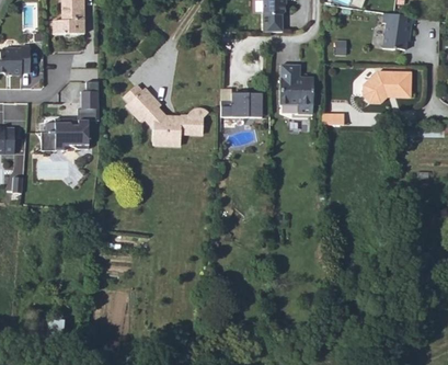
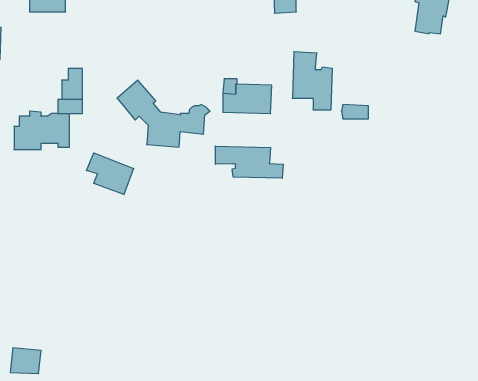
building: [363,70,411,102] -> none
building: none -> [215,146,283,178]
building: none -> [86,153,134,195]

